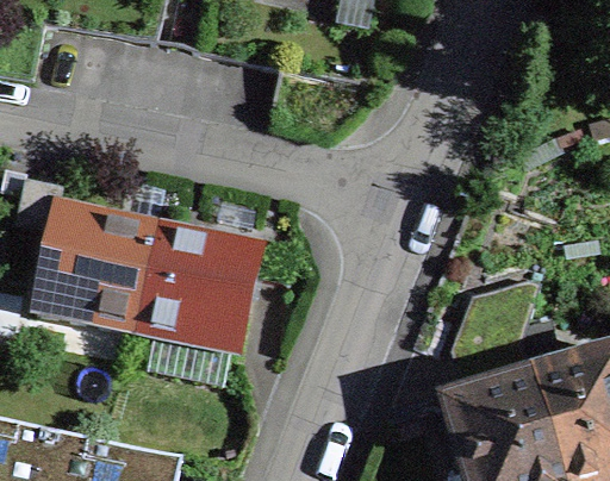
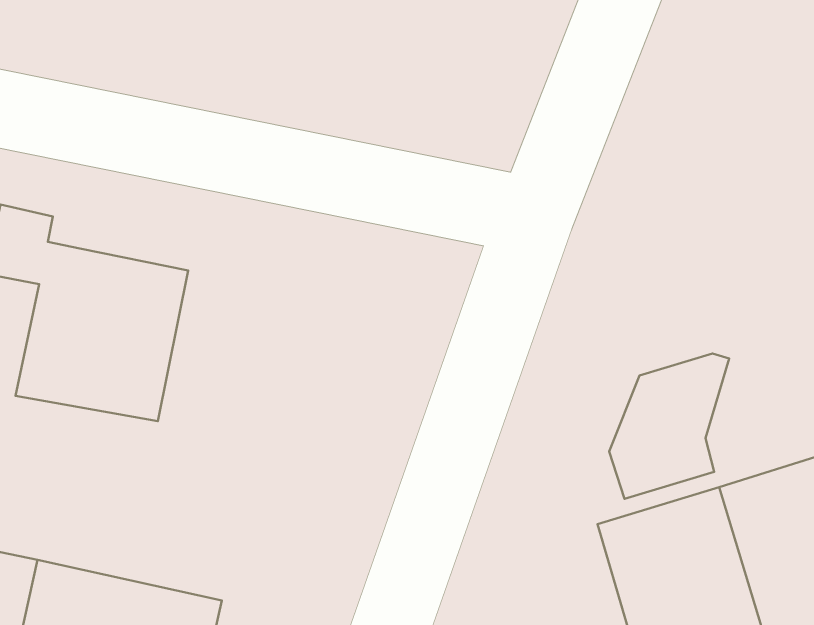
building: [137,208,303,355] -> none

